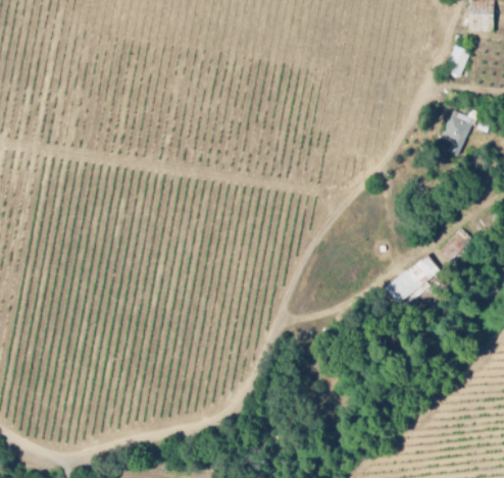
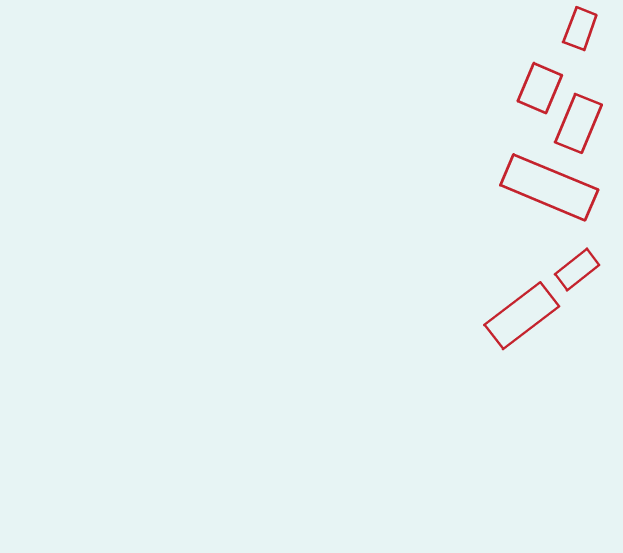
building: none -> [518,63,562,113]
building: none -> [500,154,598,220]

